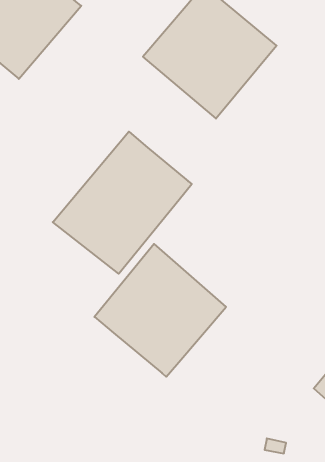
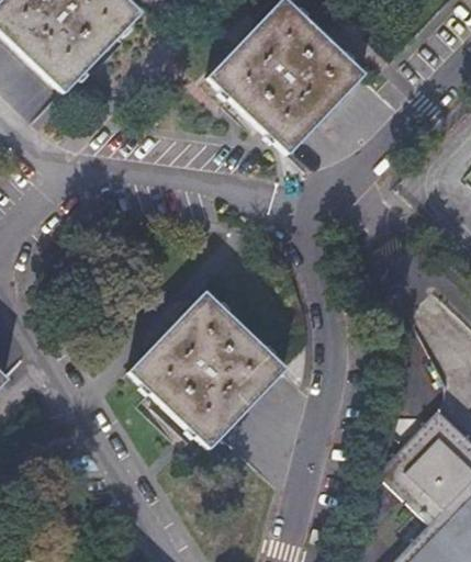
building: [53,132,192,274] -> none

